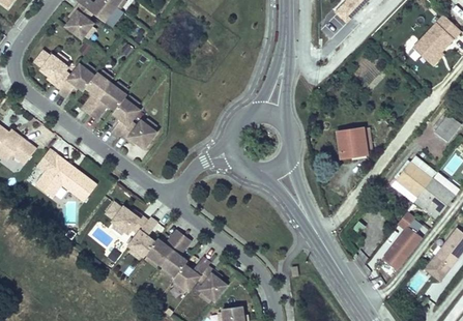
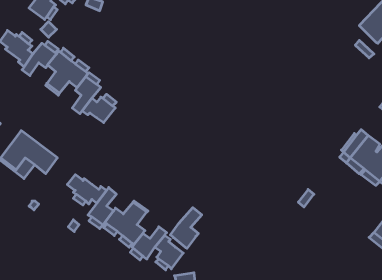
building: [337,127,372,157] -> none
building: [382,211,423,270] -> none
building: none -> [170,208,202,248]

